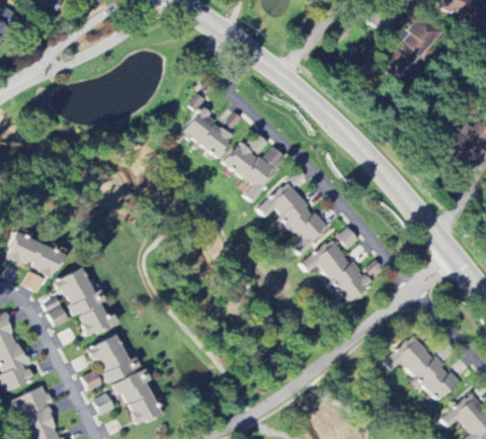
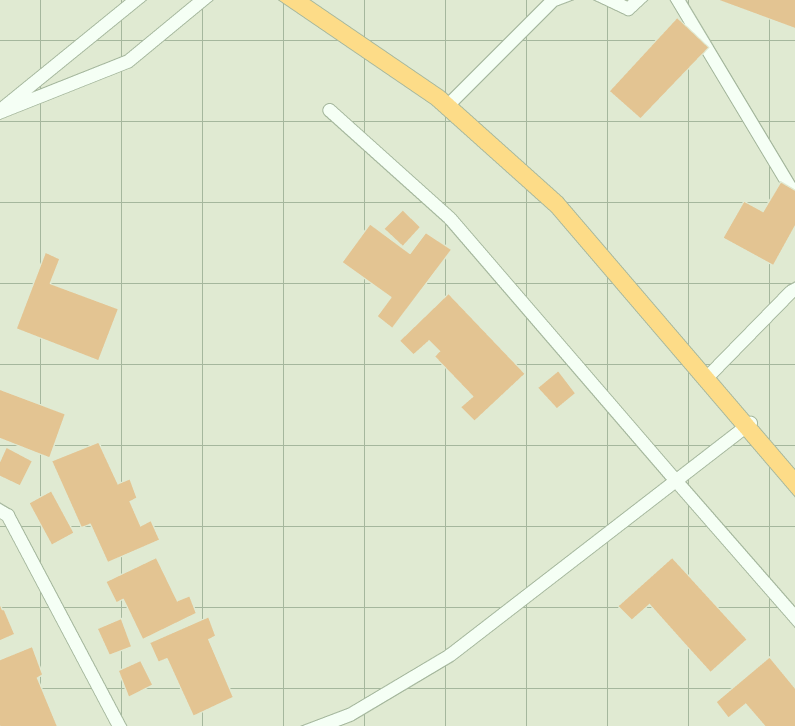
building: [182,108,235,157] -> none
building: none -> [16,252,119,361]
building: [300,237,370,302] -> none

